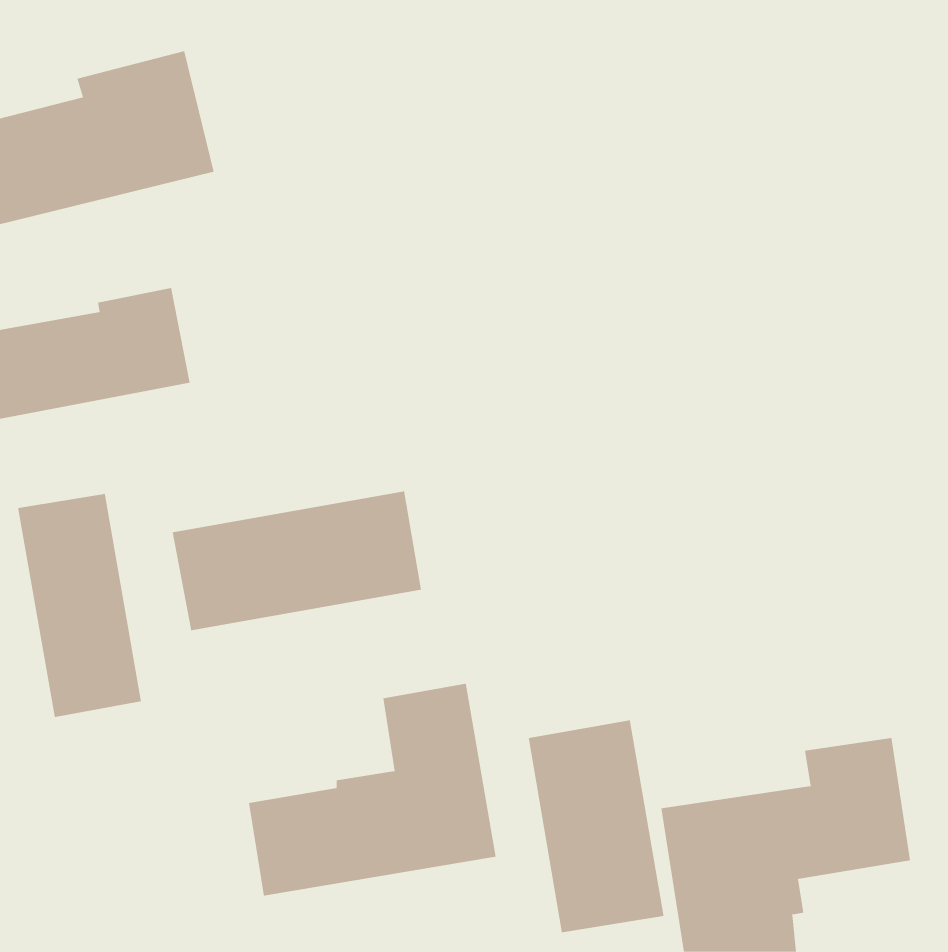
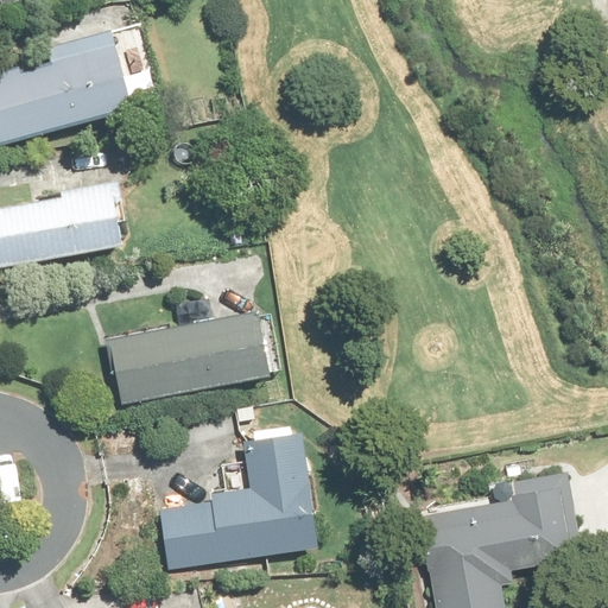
building: [17,493,142,718] -> none
building: [528,719,664,933] -> none

